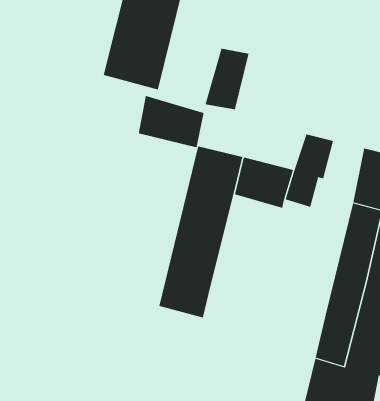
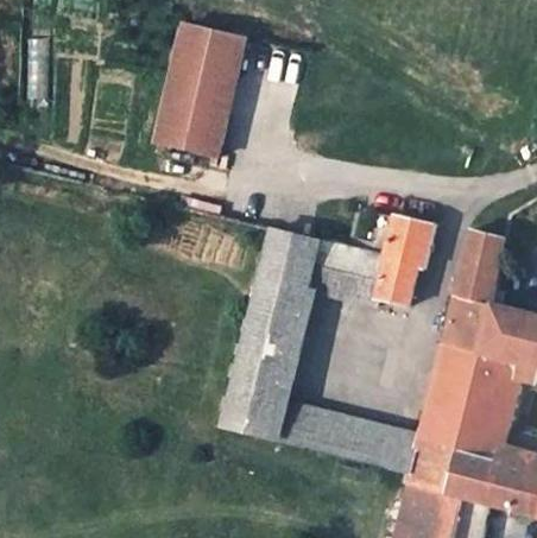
building: [205,48,249,110] -> none
building: [138,95,204,148] -> none
building: none -> [276,395,421,470]

